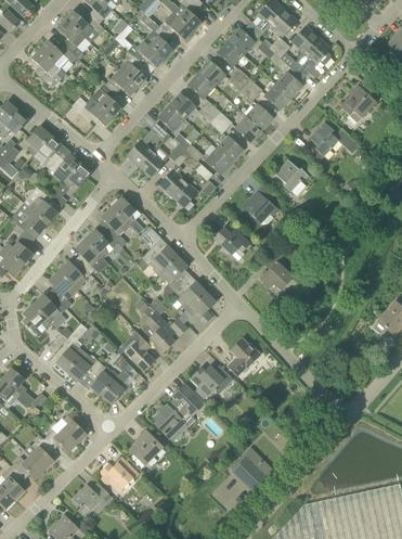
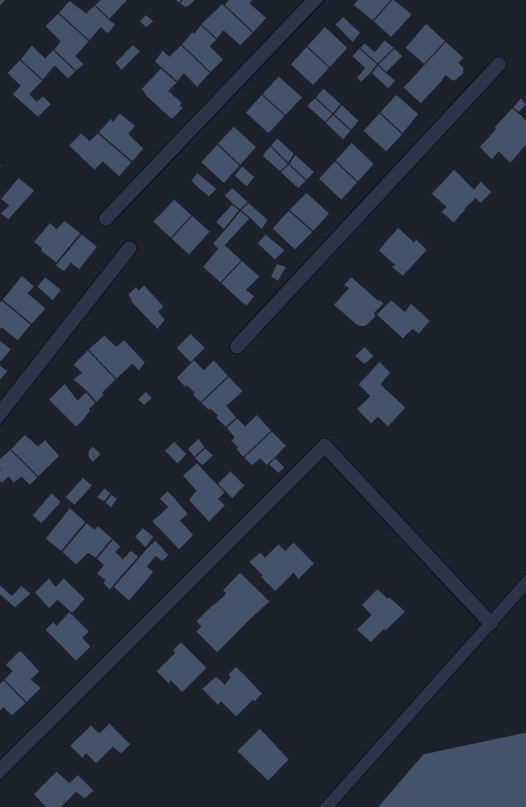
building: [105,68,138,95] -> none
building: [33,134,61,168] -> none
building: [102,206,130,246] -> none
building: [213,228,249,254] -> [376,300,431,339]
building: [49,271,77,308] -> none
building: [228,338,260,374] -> [356,588,406,643]
building: [43,428,77,452] -> [34,577,86,614]
building: [99,455,139,489] -> [201,666,263,717]
building: [231,457,265,491] -> [237,728,290,781]

